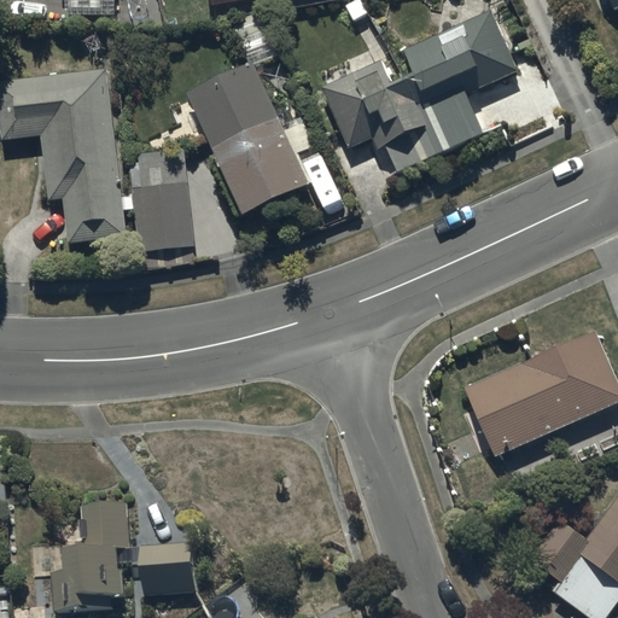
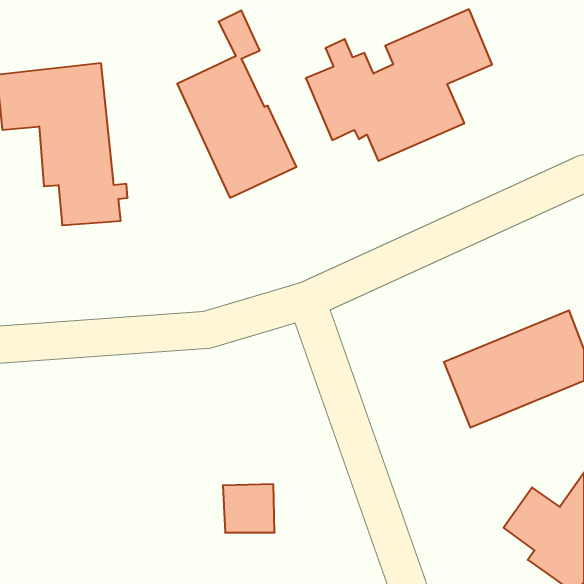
building: [132,146,194,268] -> none
building: [51,497,128,608] -> none
building: [141,544,196,595] -> [223,484,275,533]

